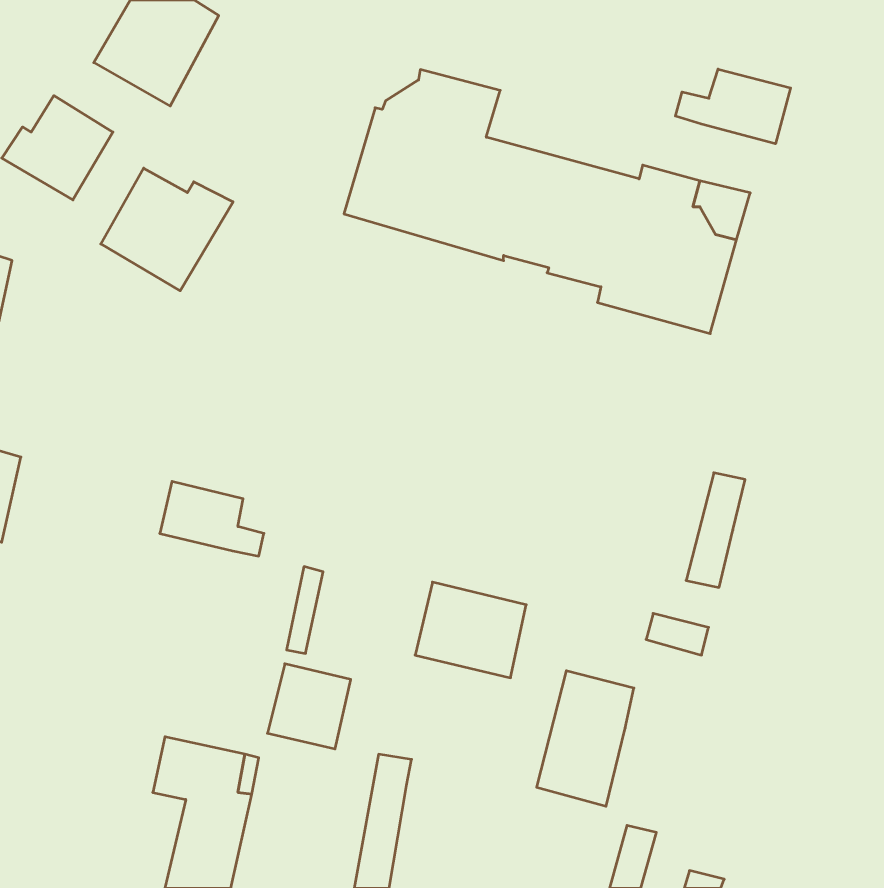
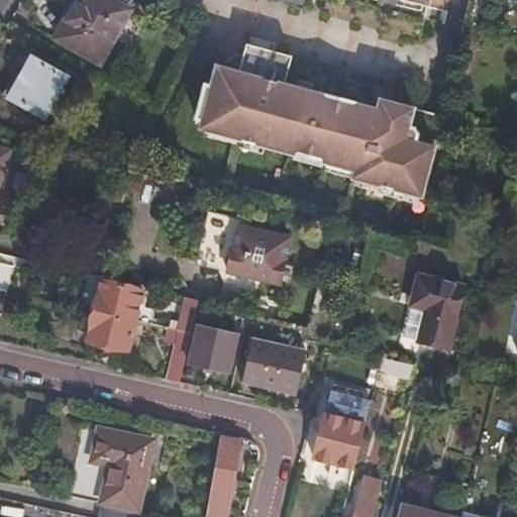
building: [675,69,791,144] -> none
building: [101,168,233,291] -> none
building: none -> [228,226,291,283]
building: none -> [418,279,459,347]
building: none -> [86,310,135,350]
building: [267,664,351,749] -> [187,325,235,375]

